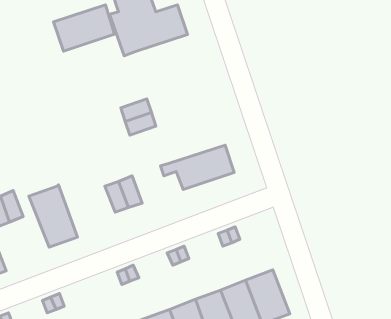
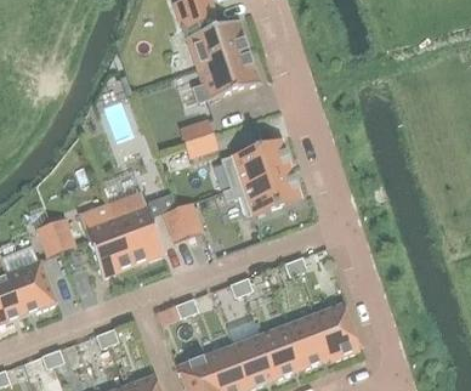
building: [53,5,115,51] -> [194,50,260,100]
building: none -> [220,138,290,188]
building: none -> [107,191,164,267]

